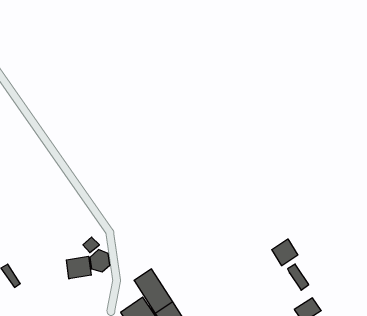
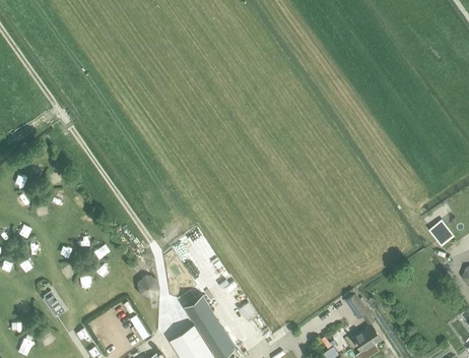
building: [272,239,298,266] -> none
building: [66,256,91,279] -> none

